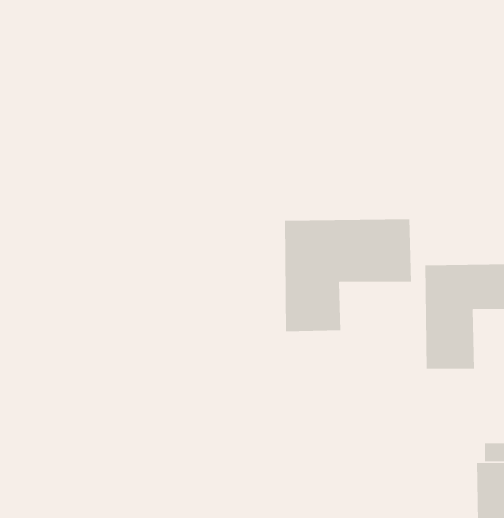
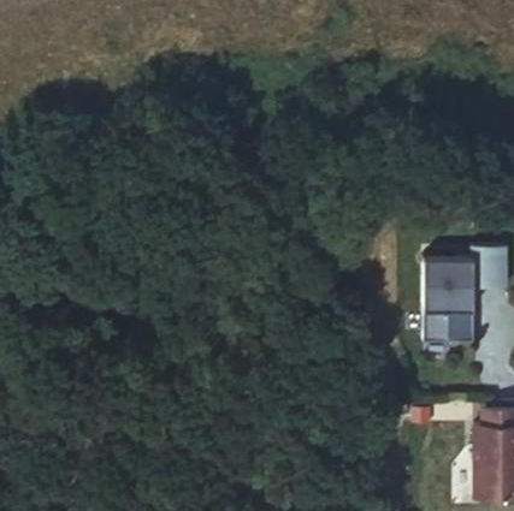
building: [284,219,412,332] -> none

